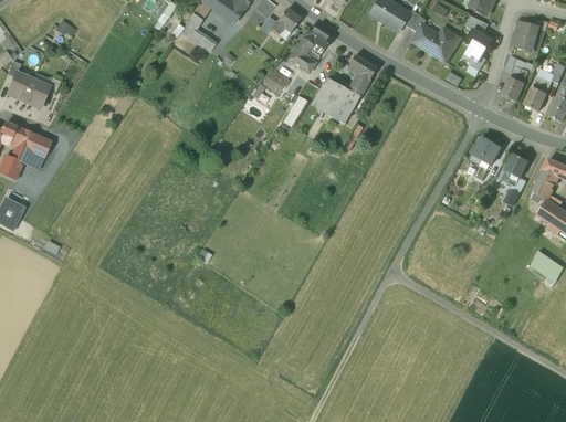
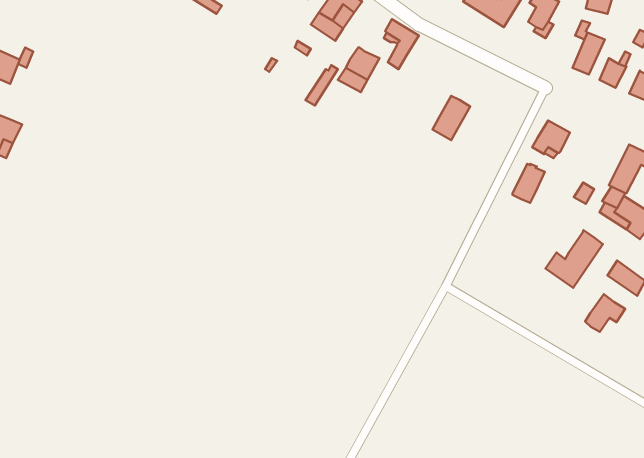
building: [328,86,359,123] -> [432,96,470,140]
building: [501,154,527,186] -> [512,164,545,203]
building: none -> [545,230,603,288]
building: none -> [585,294,625,332]

